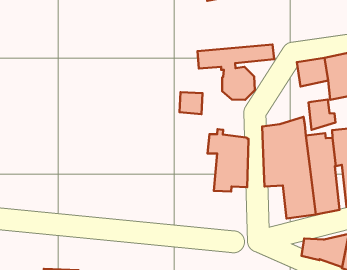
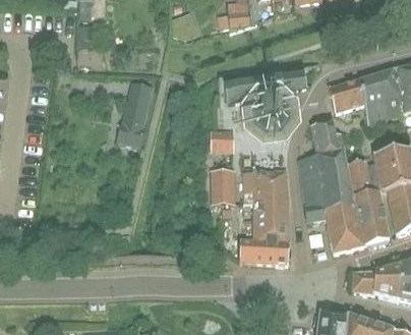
building: none -> [115,81,152,147]
building: [308,99,335,130] -> [311,120,342,154]
building: none -> [209,168,234,204]
building: none -> [239,223,289,263]

